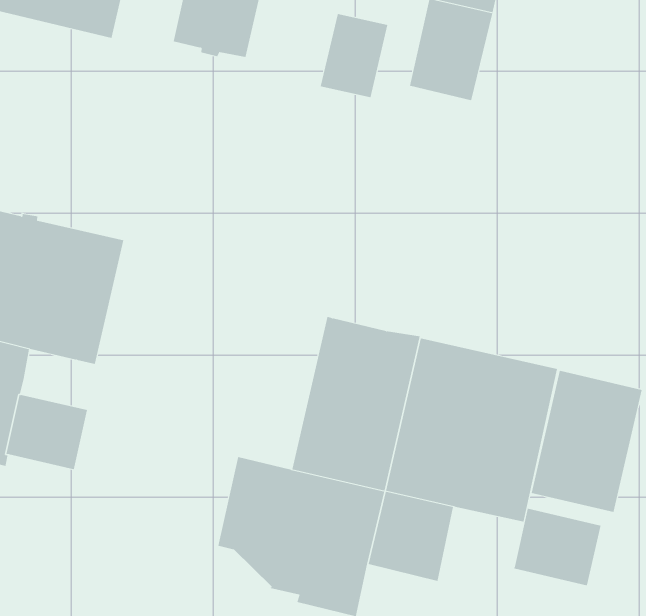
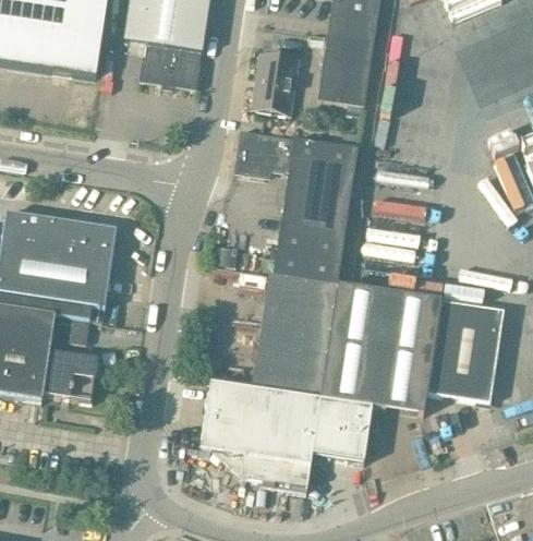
building: none -> [234,128,359,281]
building: none -> [50,312,87,339]
building: [513,508,601,586] -> none

